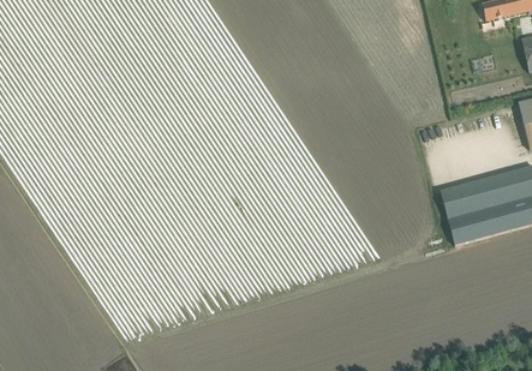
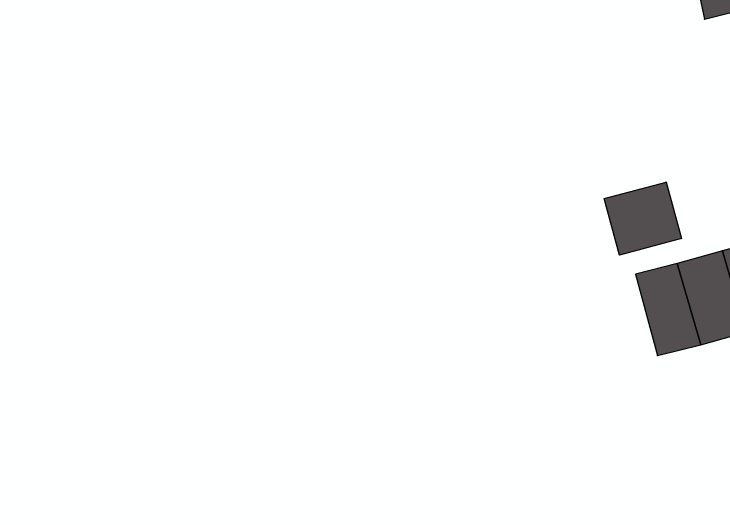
building: none -> [604,182,681,255]

